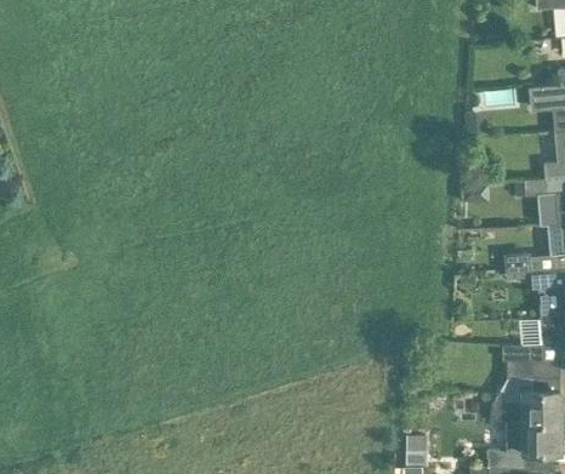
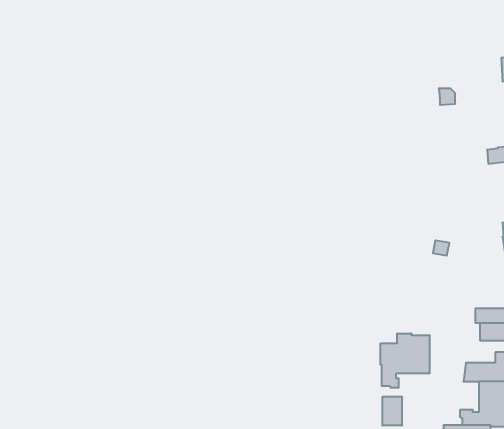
building: none -> [380,333,429,388]

